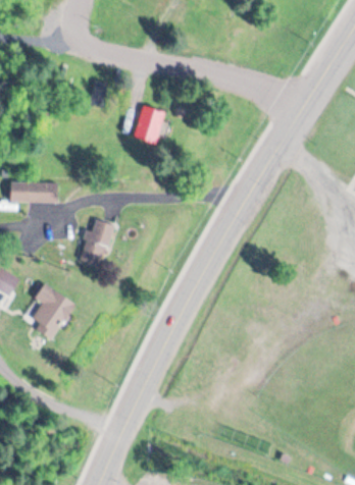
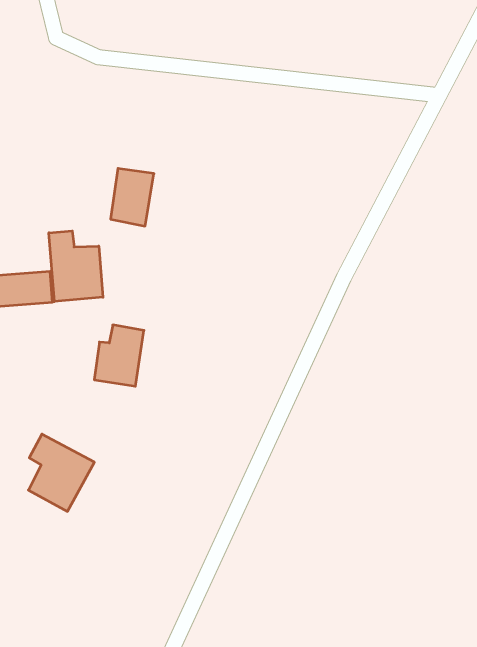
building: [136,105,165,143] -> [111,168,154,226]
building: none -> [49,231,103,302]

